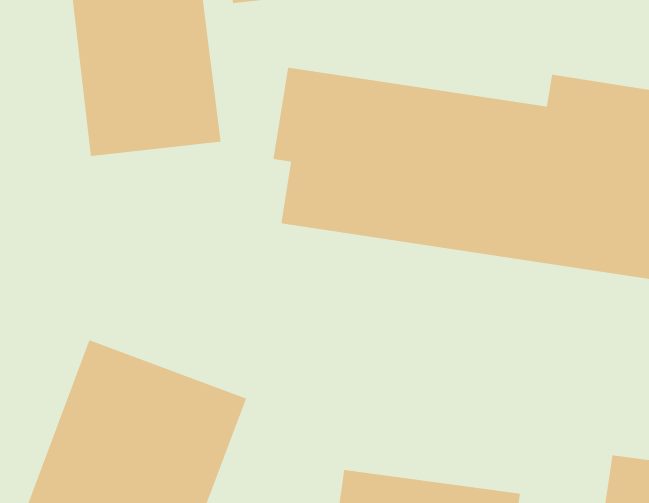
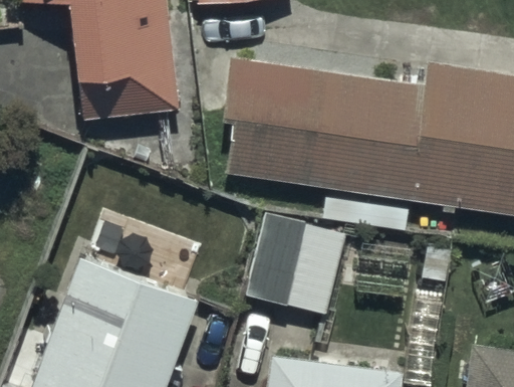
building: none -> [245,213,346,314]

